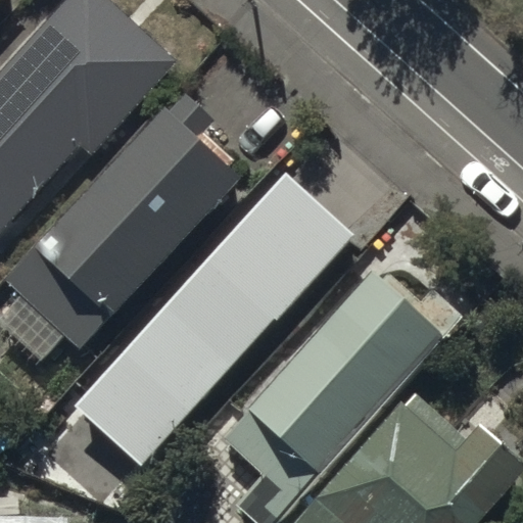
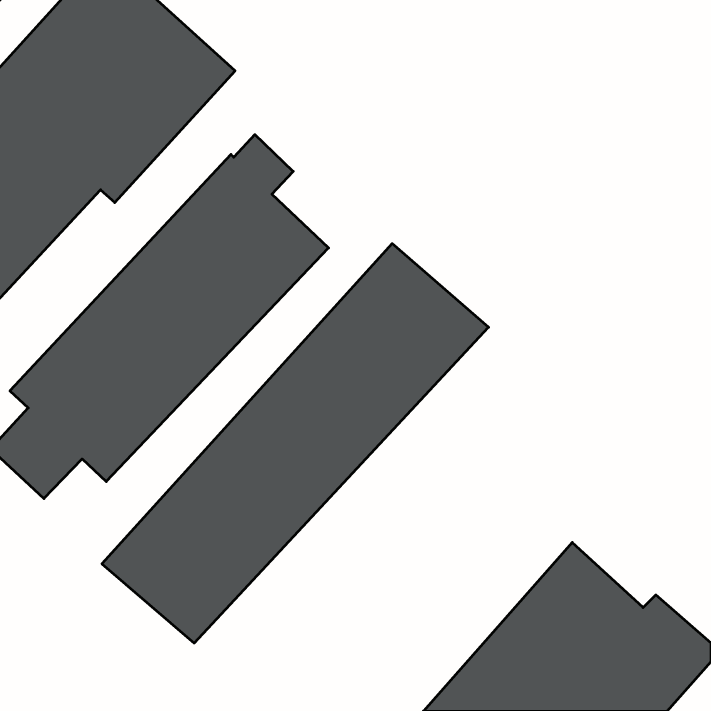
building: [222,276,440,502] -> none

